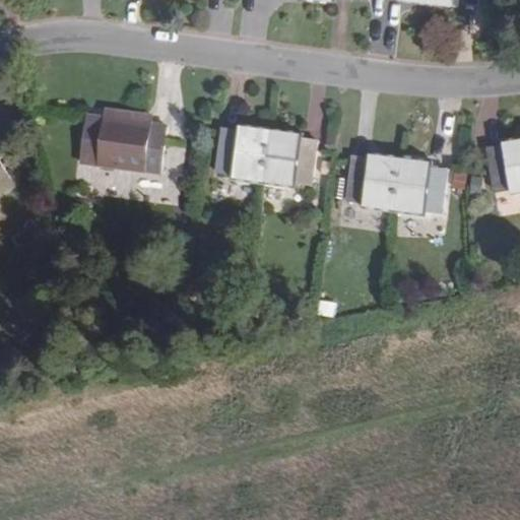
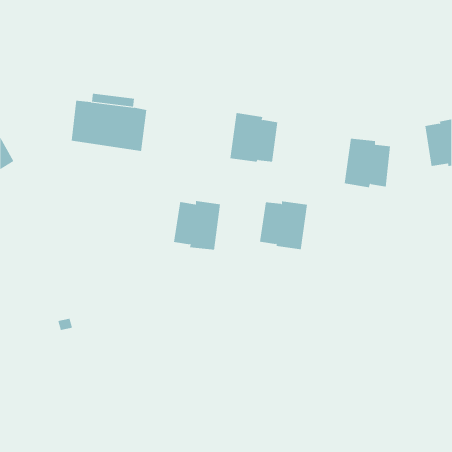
building: [215,125,270,182] -> [173,200,221,250]
building: [345,154,401,210] -> [259,201,308,250]

